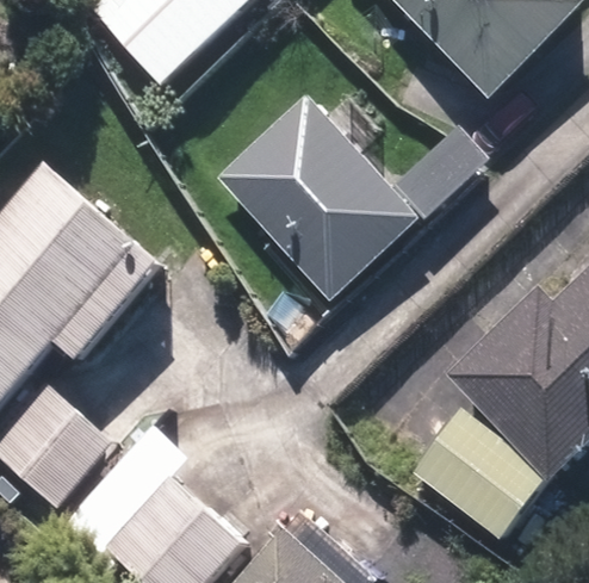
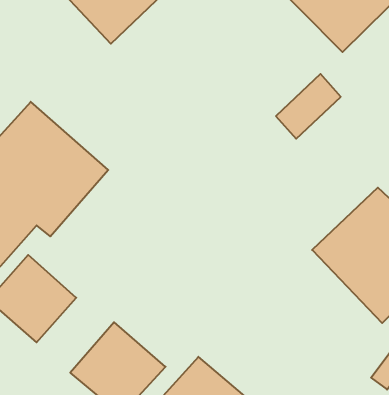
building: [218,95,416,298] -> none
building: [411,408,544,534] -> none

